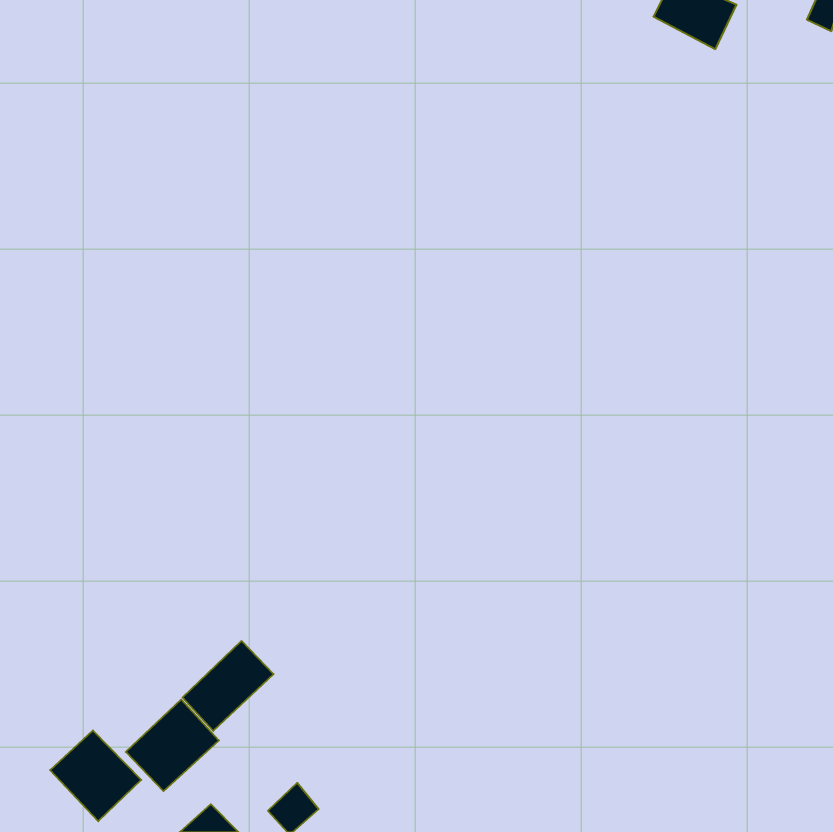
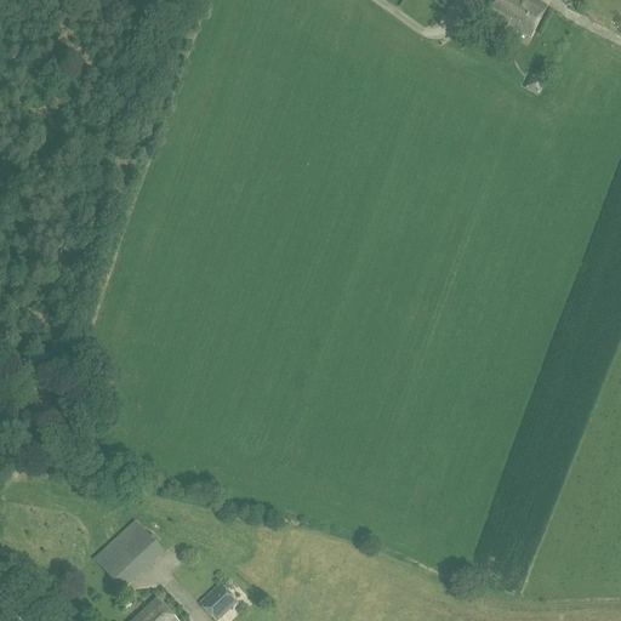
building: [183,641,274,731] -> none
building: [50,730,141,821] -> none

